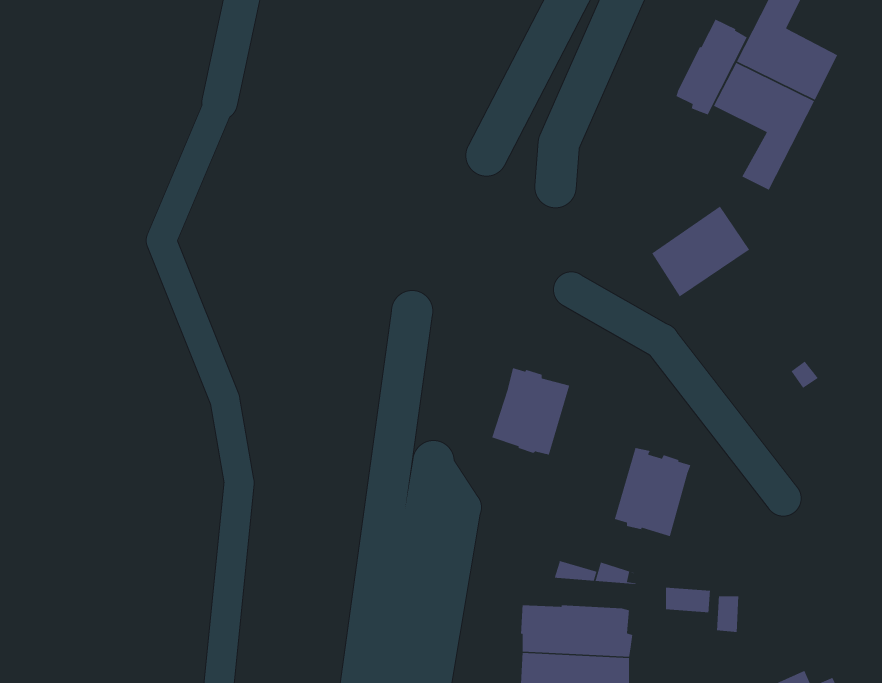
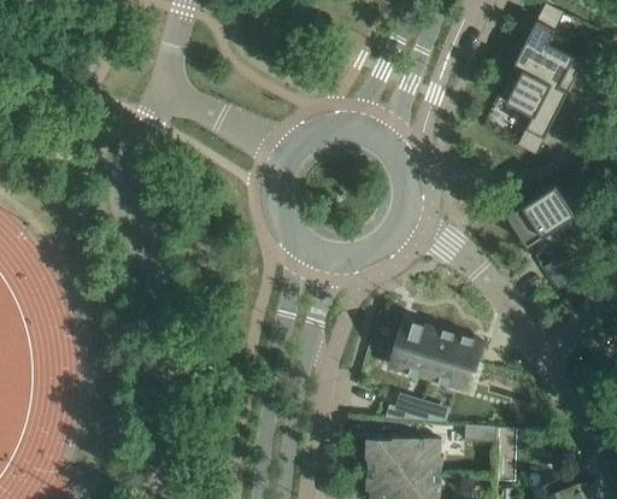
building: [675,18,748,115] -> none
building: [651,206,750,297] -> [507,183,575,246]
building: [491,367,571,456] -> [389,318,443,378]

